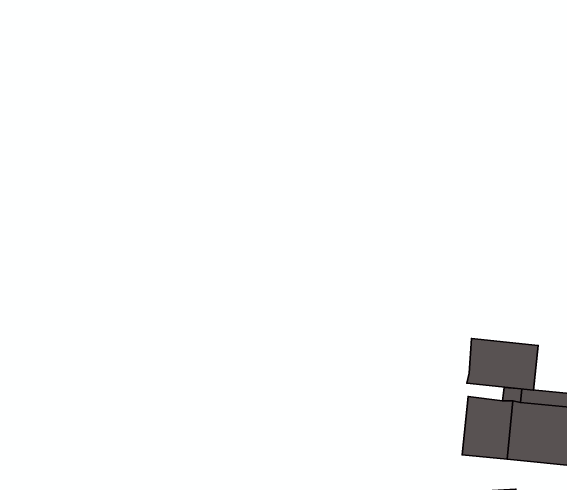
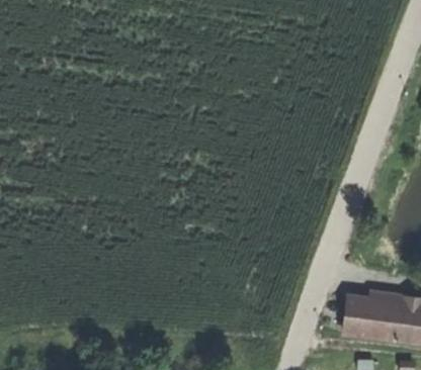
building: [467,339,538,390] -> none

